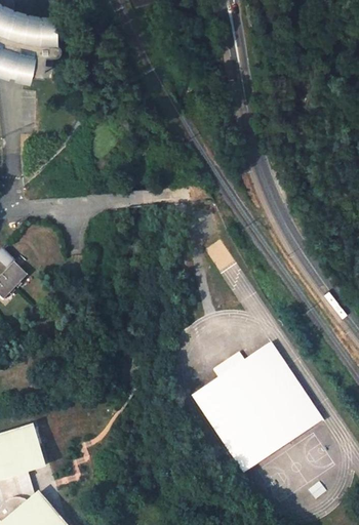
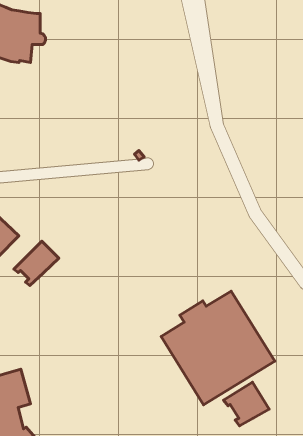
building: none -> [14,241,59,286]
building: none -> [224,382,269,426]

